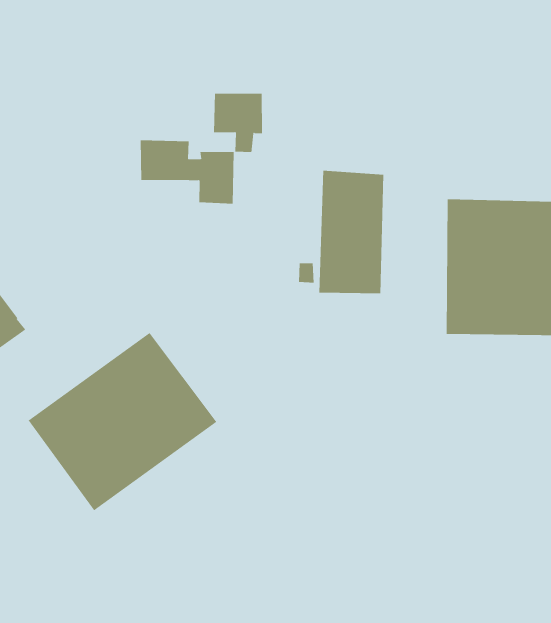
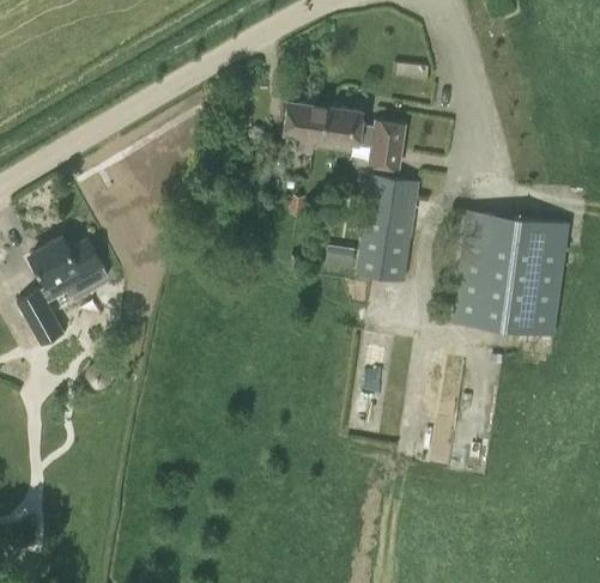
building: [140,140,235,204] -> [323,107,404,169]
building: [28,332,217,511] -> none

